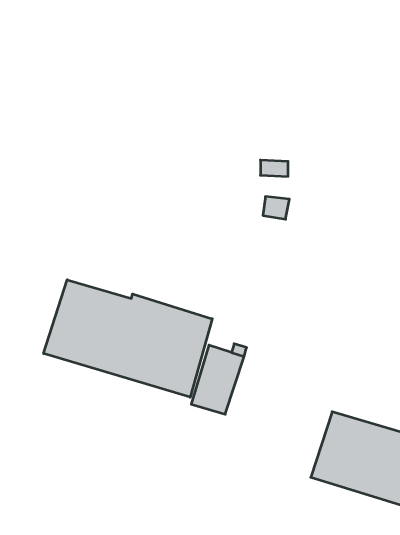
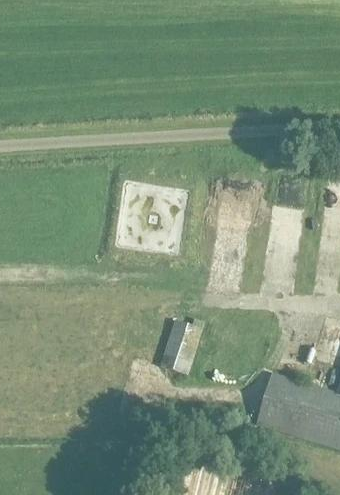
building: [44,280,212,397] -> none

